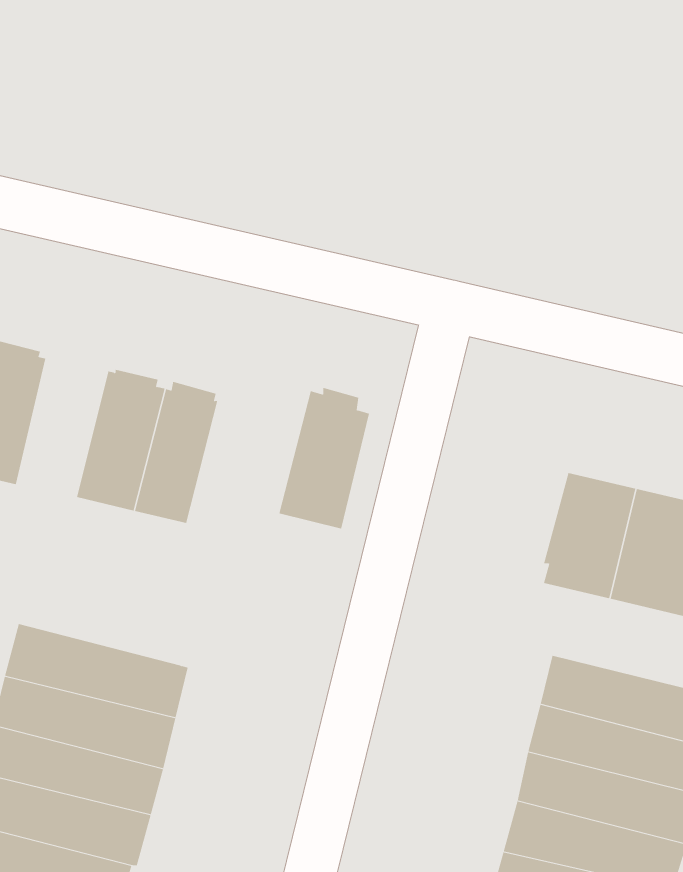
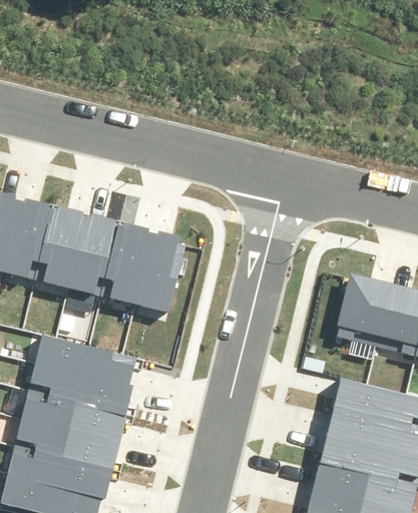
building: none -> [35,205,87,288]
building: [278,387,370,529] -> [132,230,184,312]
building: none -> [36,334,135,384]

